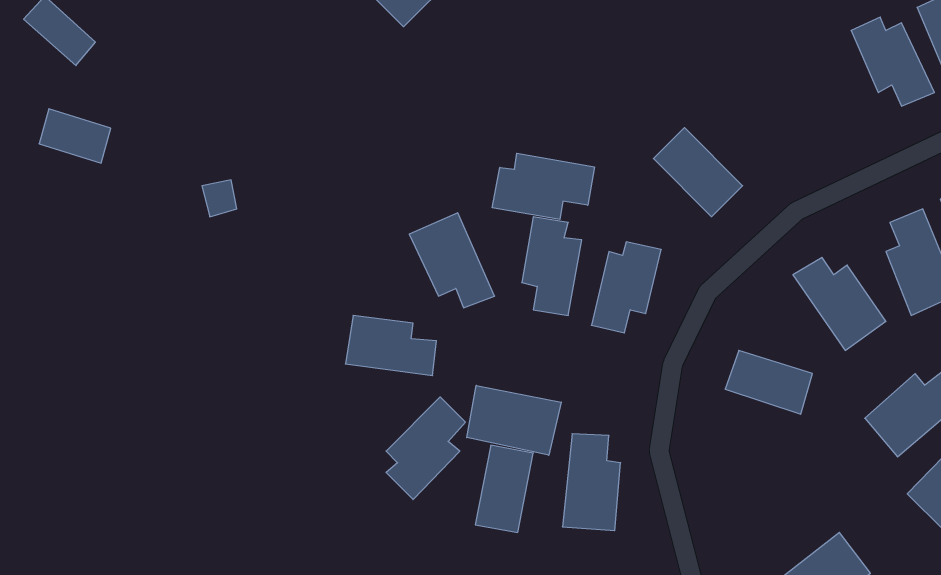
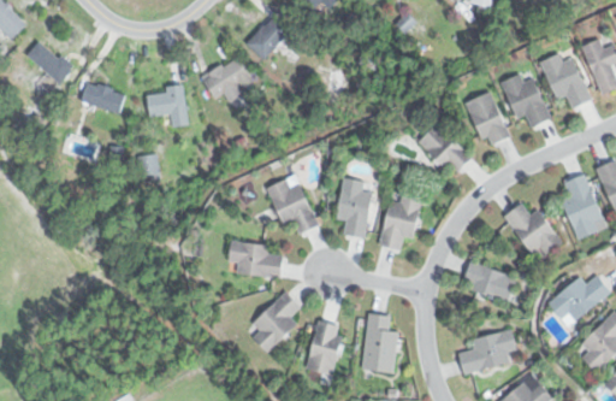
building: none -> [203,55,255,100]
building: none -> [502,75,551,128]
building: none -> [146,87,188,128]
building: none -> [464,92,510,147]
building: [39,109,111,163] -> [81,81,125,114]
building: [492,153,594,219] -> none
building: [467,385,561,455] -> none
building: none -> [458,329,519,372]

